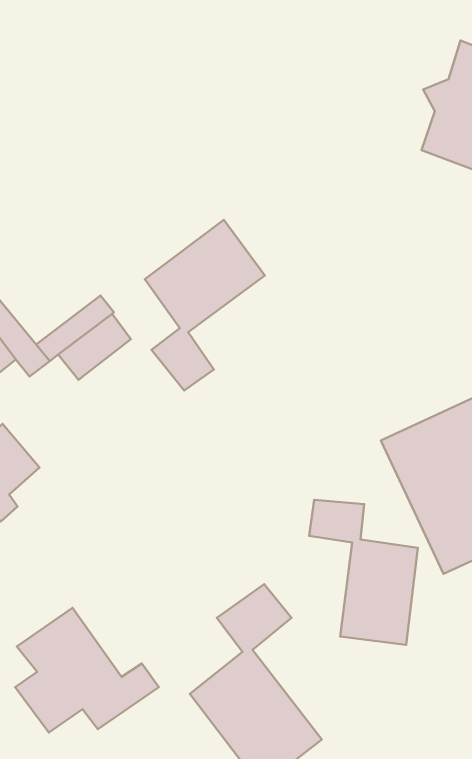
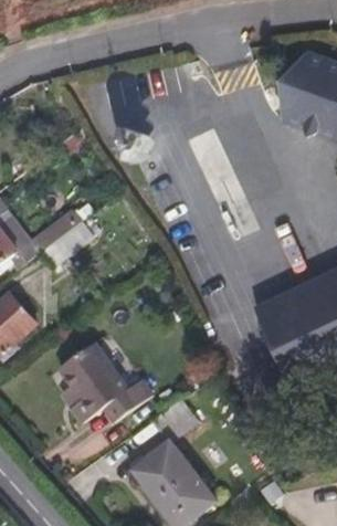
building: [145,220,265,391] -> none
building: [309,500,418,645] -> none
building: [15,608,159,733] -> [56,343,150,424]

